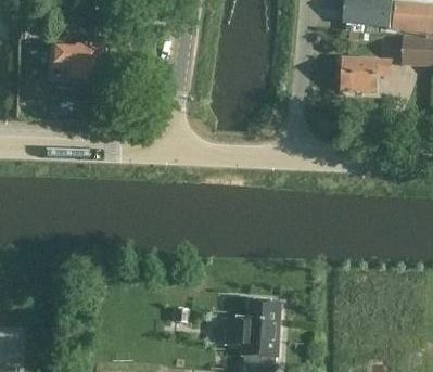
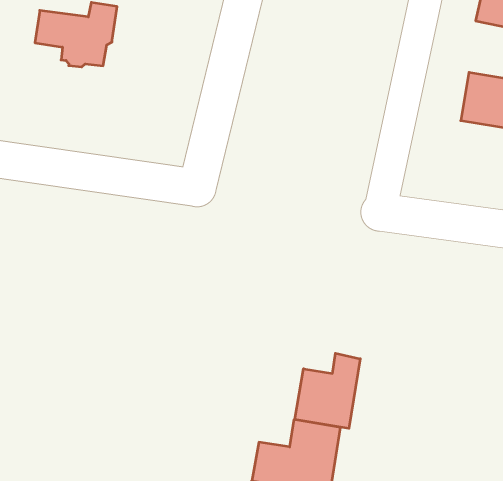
building: none -> [295,353,360,428]

